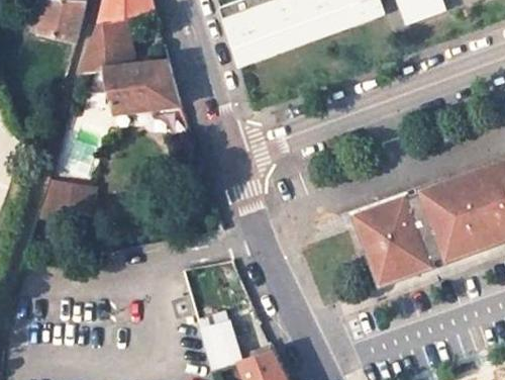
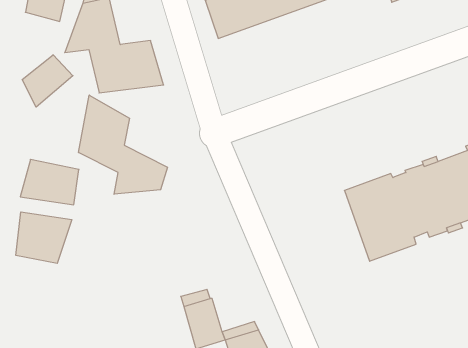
building: none -> [22,55,73,107]
building: none -> [79,95,167,194]
building: none -> [16,212,72,263]

